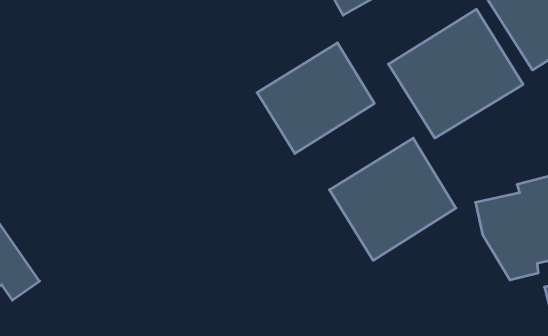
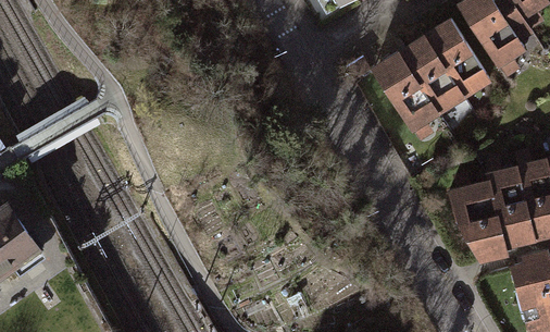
building: [257,43,374,154] -> none
building: [329,138,456,260] -> none

